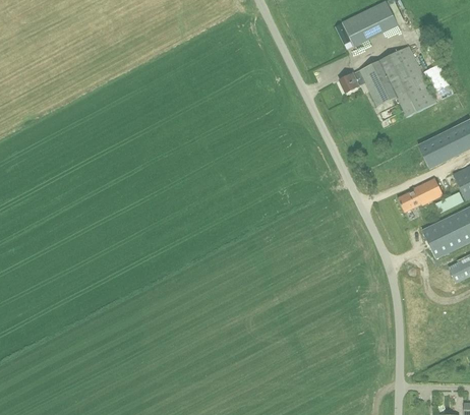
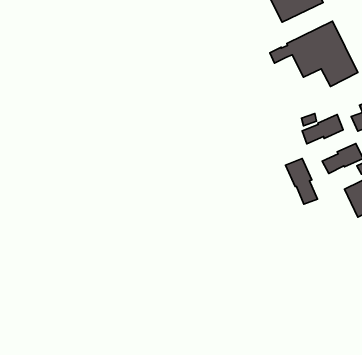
building: none -> [302,115,343,144]
building: none -> [285,158,318,204]

